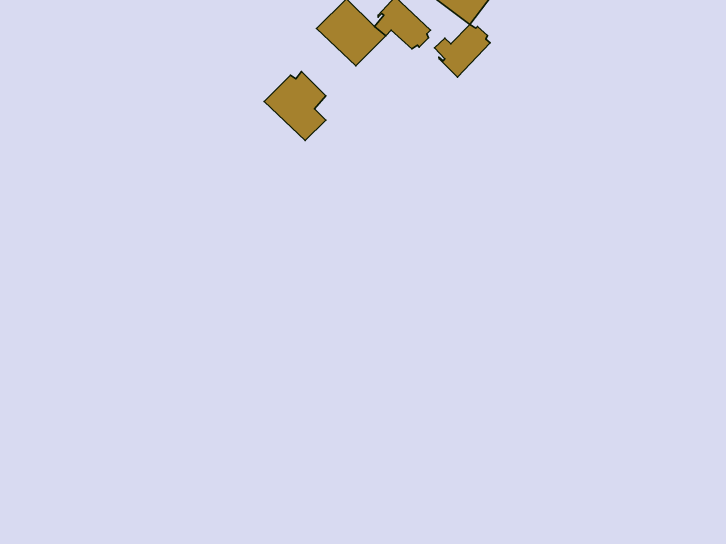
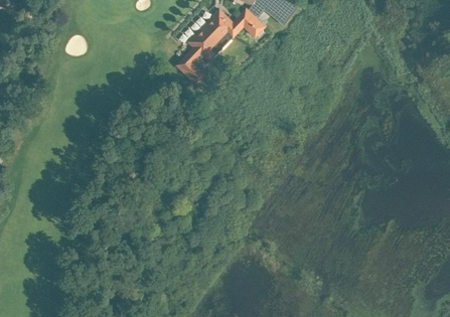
building: [434,25,490,77] -> none
building: none -> [187,25,223,61]

